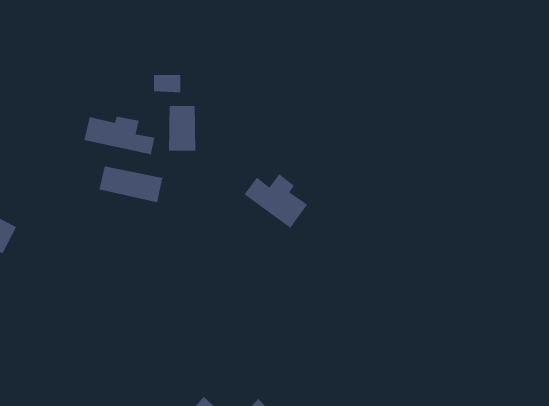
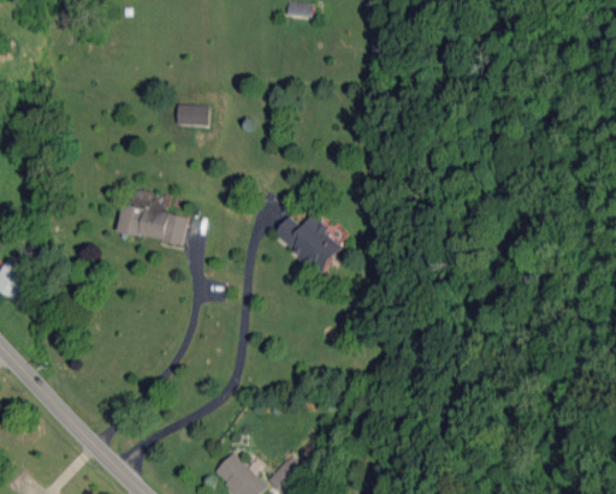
building: [168,105,196,152] -> none
building: [84,116,155,155] -> none

